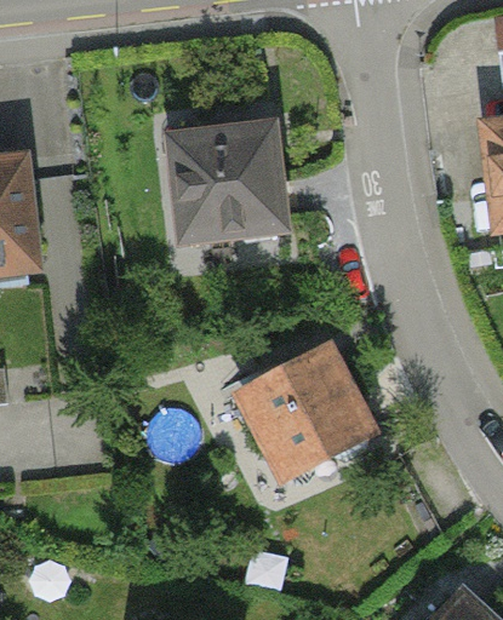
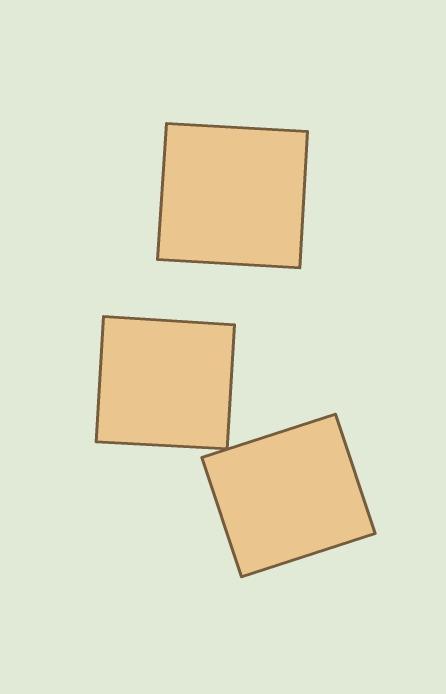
building: none -> [96,317,235,449]

